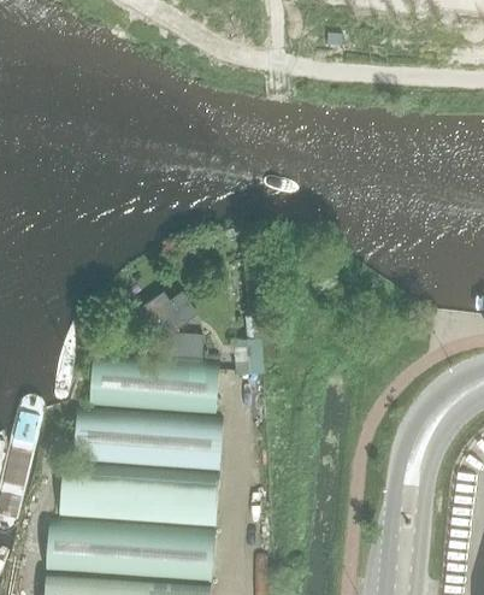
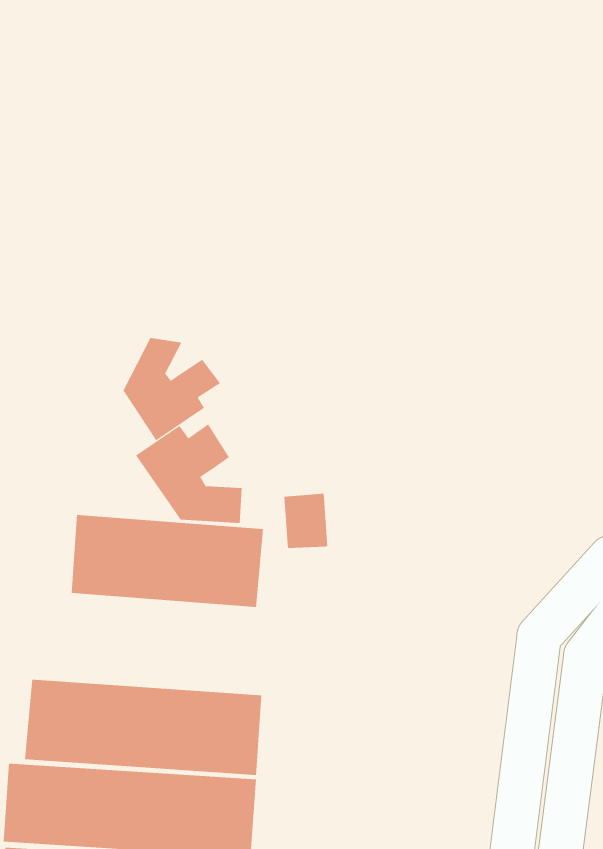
building: none -> [123,337,221,441]
building: [71,407,224,472] -> none

